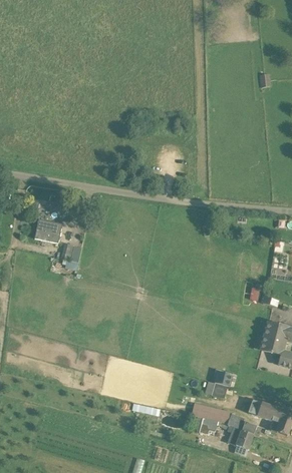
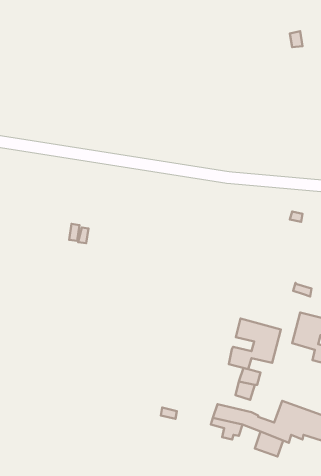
building: [34,217,62,242] -> none
building: none -> [229,319,281,369]

